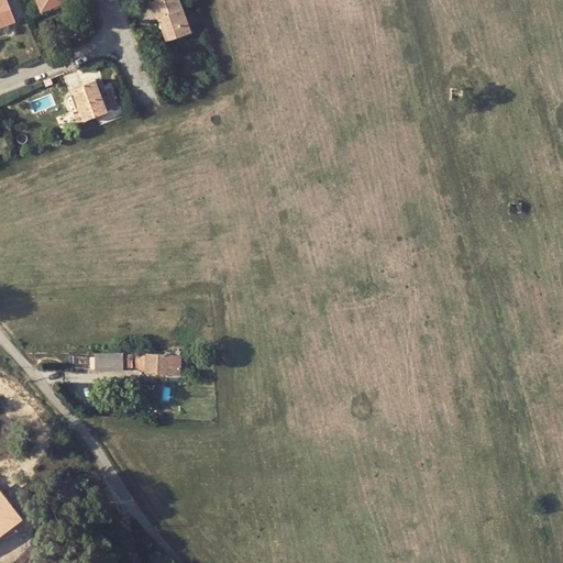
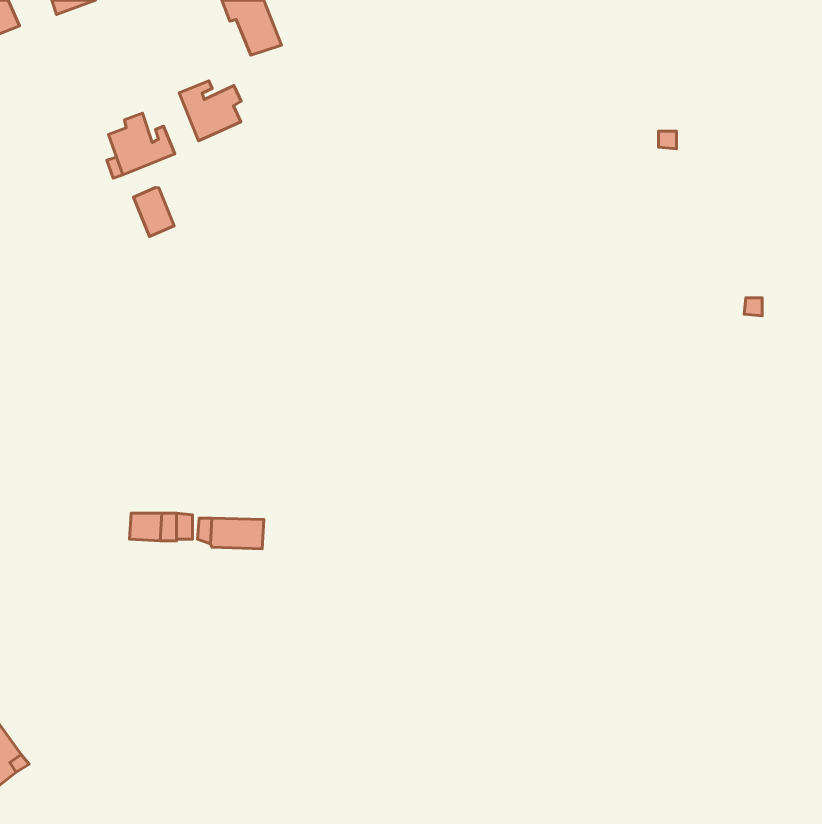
building: none -> [179,81,241,141]
building: none -> [133,188,174,236]

